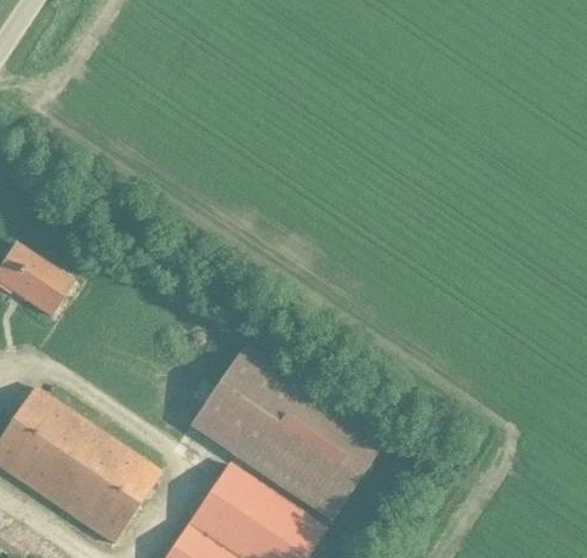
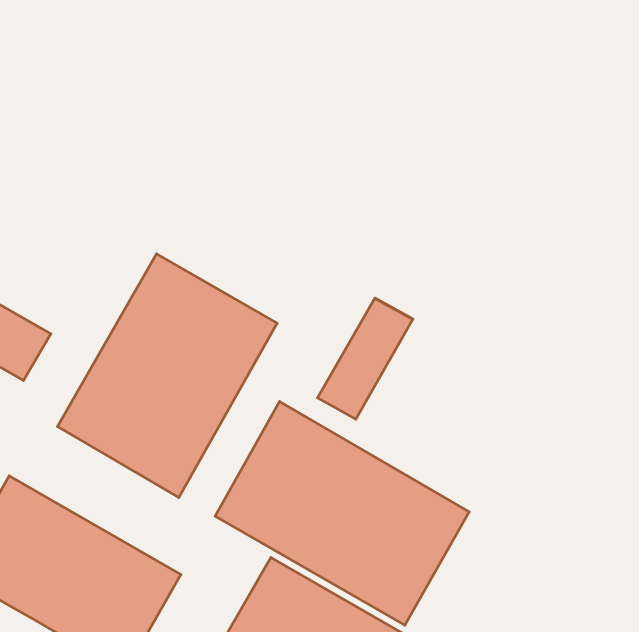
building: none -> [58,254,277,498]
building: none -> [318,298,413,419]

